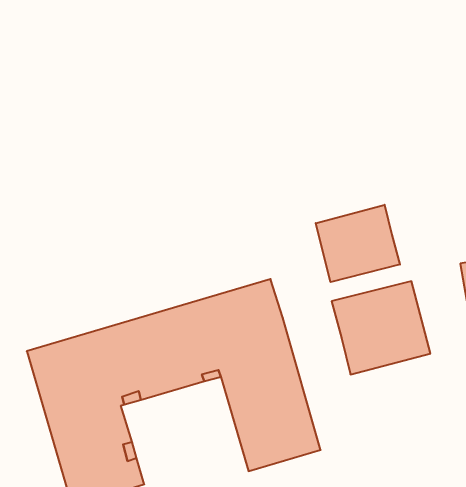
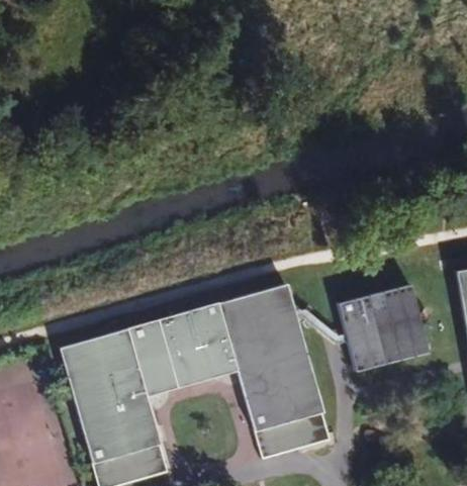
building: [316,205,400,282] -> none

